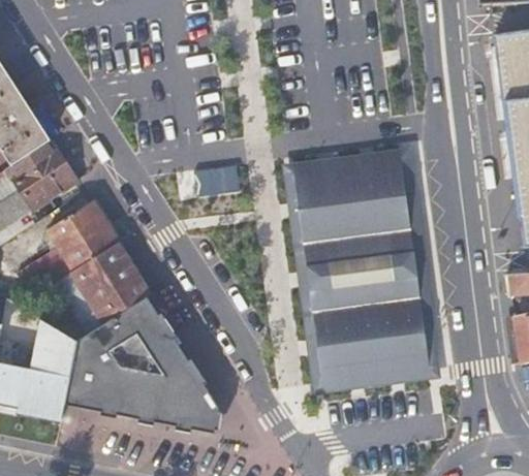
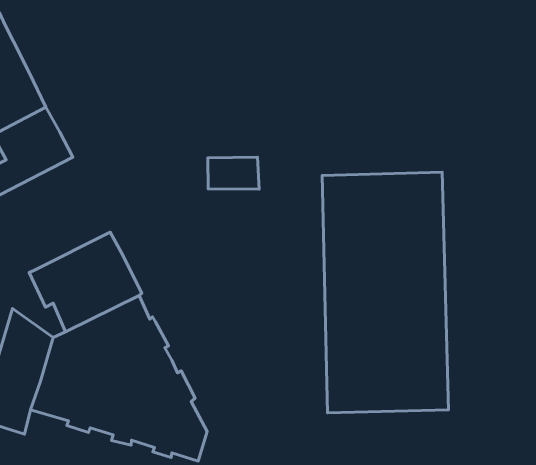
building: [43,201,117,282] -> none

